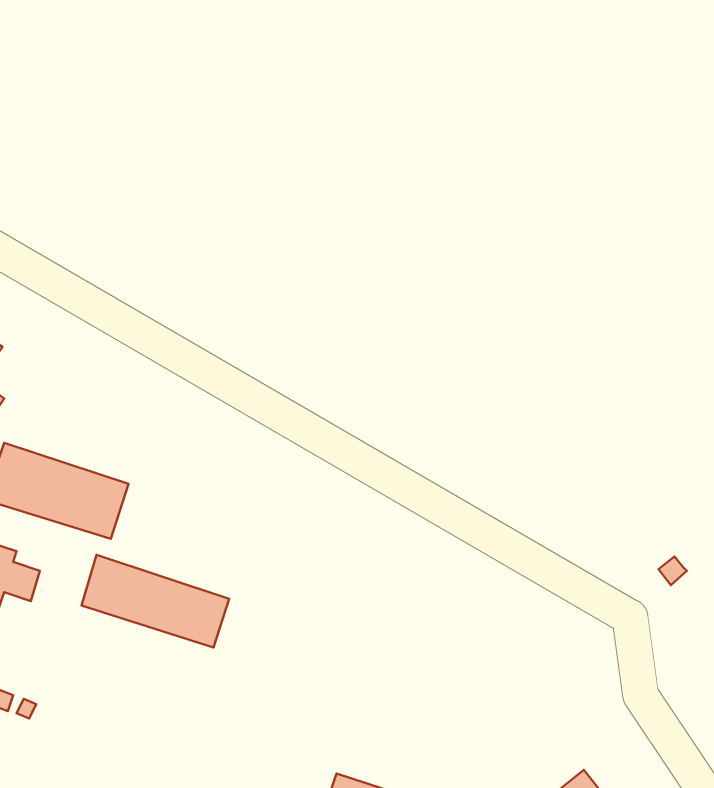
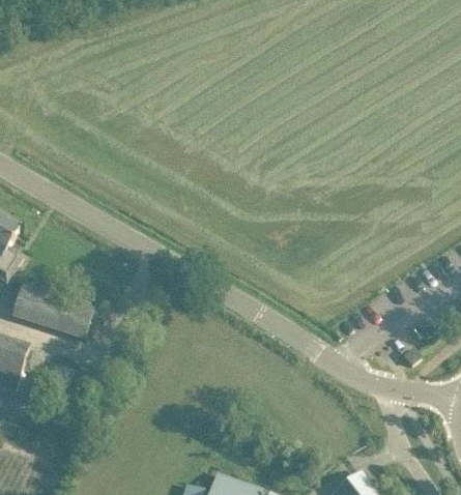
building: [82,555,229,647] -> none

